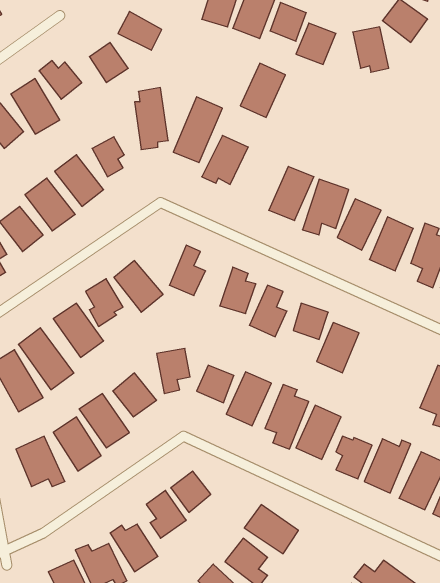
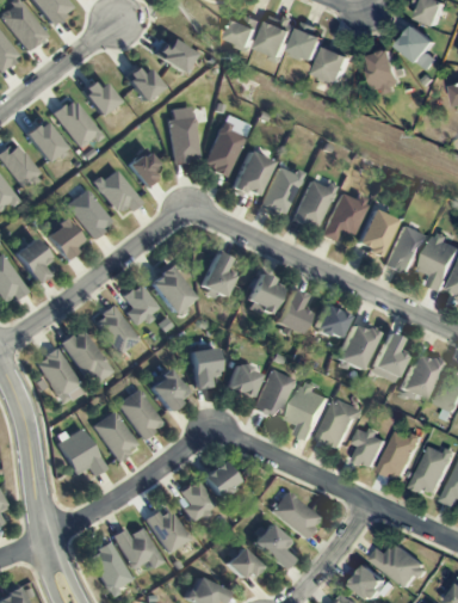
building: [240,63,285,117] -> [260,165,302,215]
building: none -> [371,332,403,382]
building: none -> [398,353,439,400]

